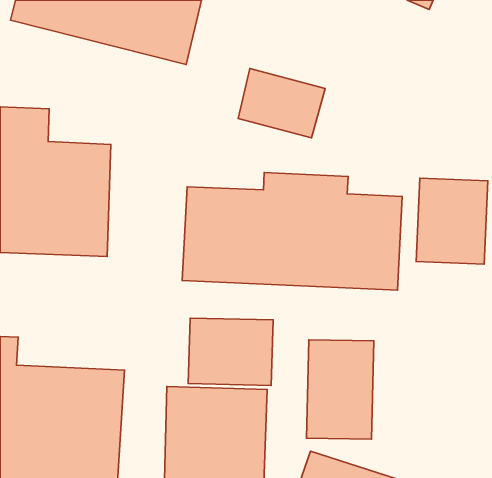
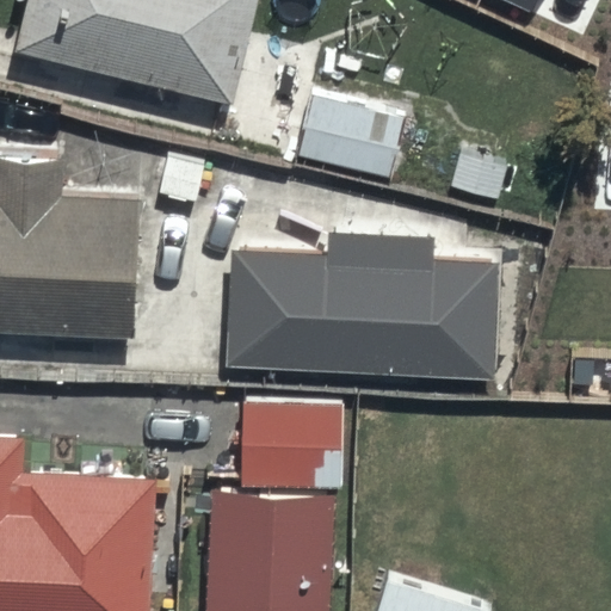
building: [416,178,488,264] -> none
building: [306,340,374,439] -> none

